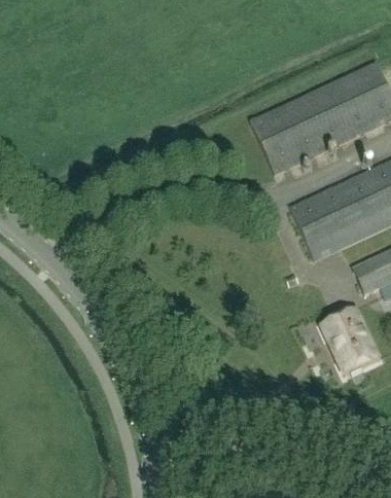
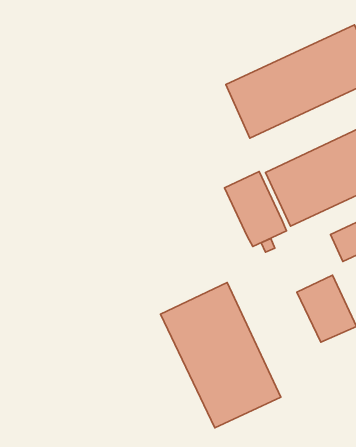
building: none -> [224,171,287,246]
building: none -> [160,282,281,428]

